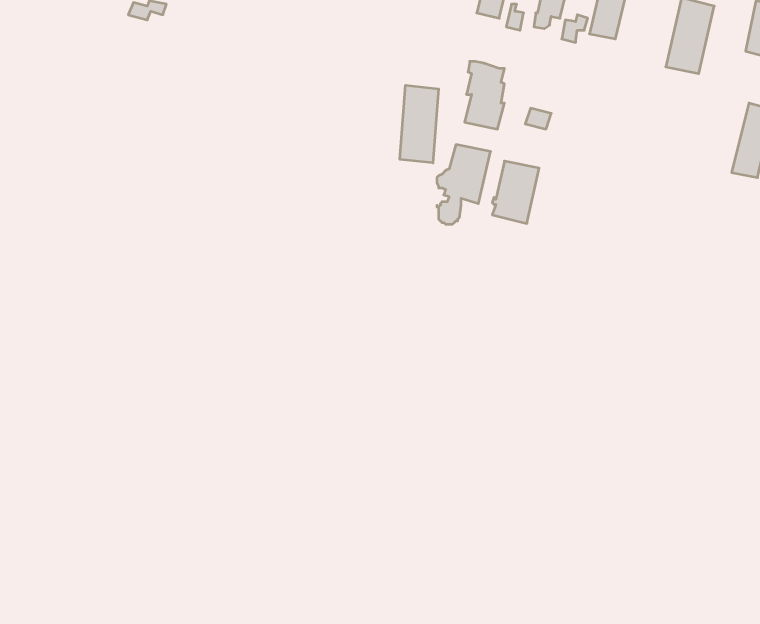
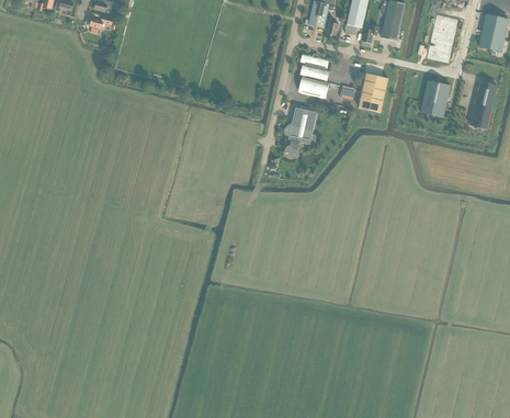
building: [400,85,439,163] -> none
building: none -> [420,79,449,116]
building: [492,161,539,223] -> [358,72,387,112]

